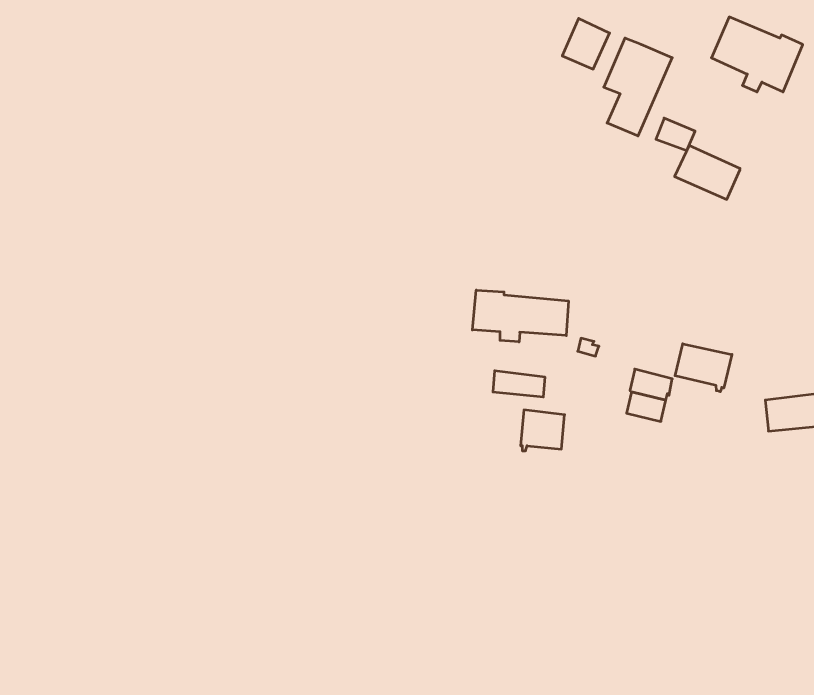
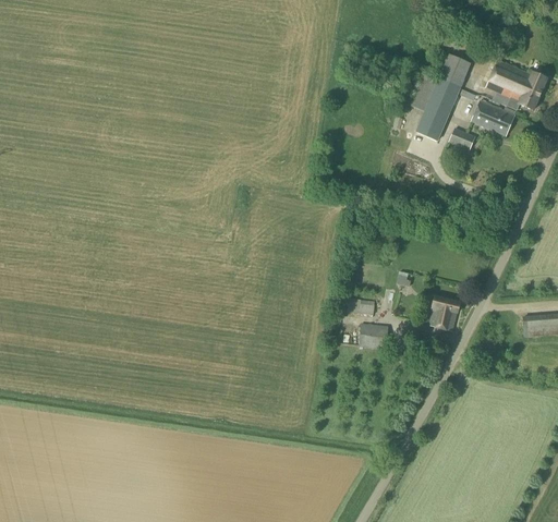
building: [562,18,610,69] -> [439,53,471,87]
building: [675,146,740,199] -> [471,99,514,135]
building: [472,290,568,342] -> none
building: [675,344,732,392] -> none

